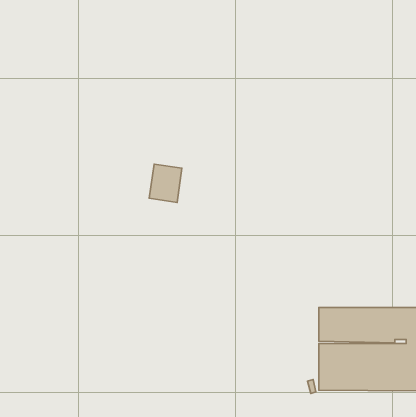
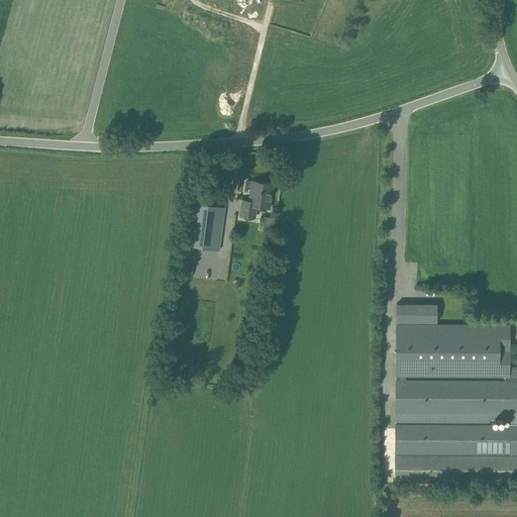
building: none -> [241,181,274,218]
building: none -> [396,304,510,377]

